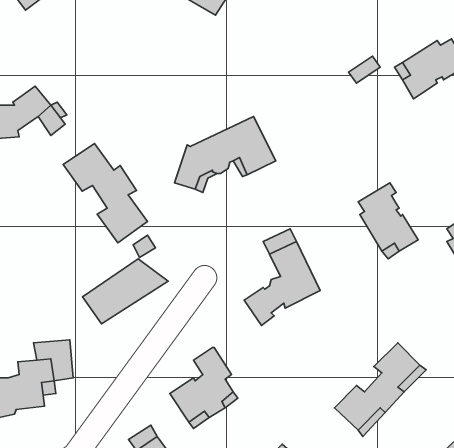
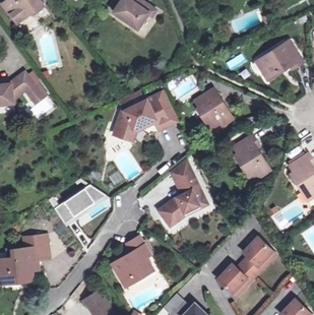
building: none -> [194,86,231,129]
building: [63,143,147,243] -> none

